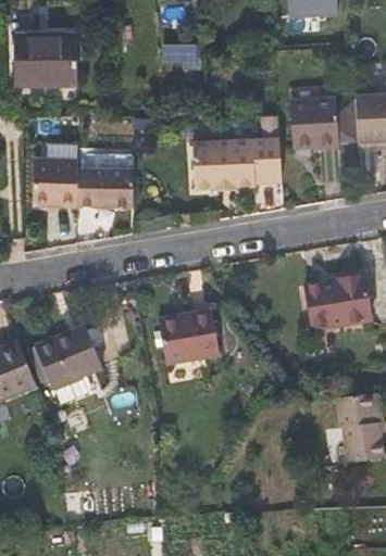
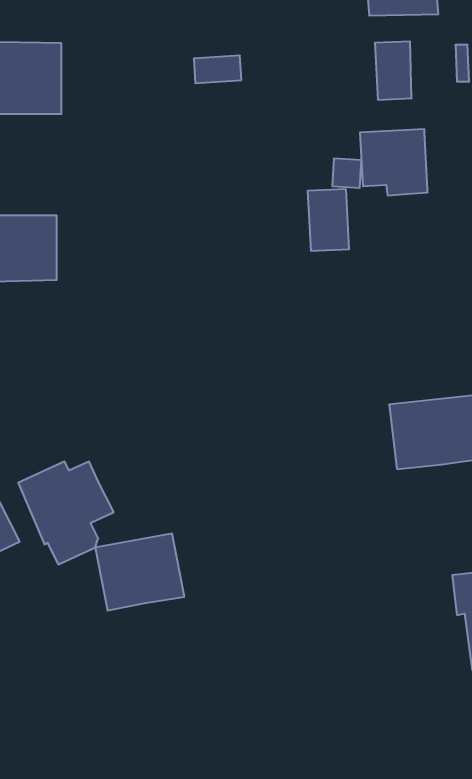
building: [328,96,354,137] -> [375,41,412,100]
building: [187,138,248,189] -> none
building: [69,166,124,201] -> none
building: [160,312,223,366] -> [95,534,184,611]

